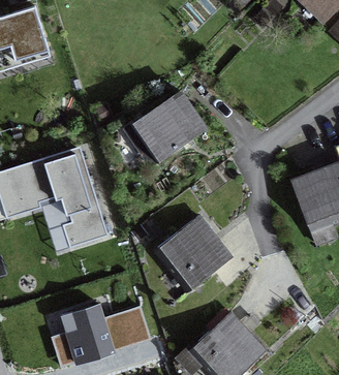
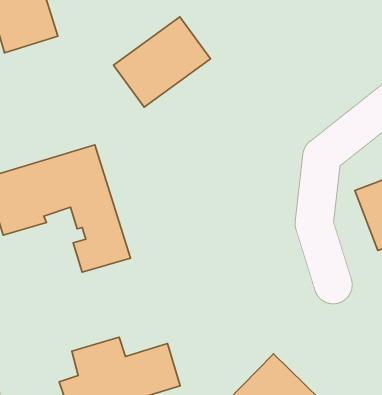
building: [124,93,203,166] -> [114,17,210,107]
building: [156,217,228,288] -> none

